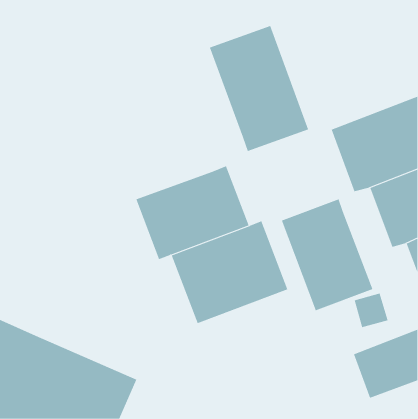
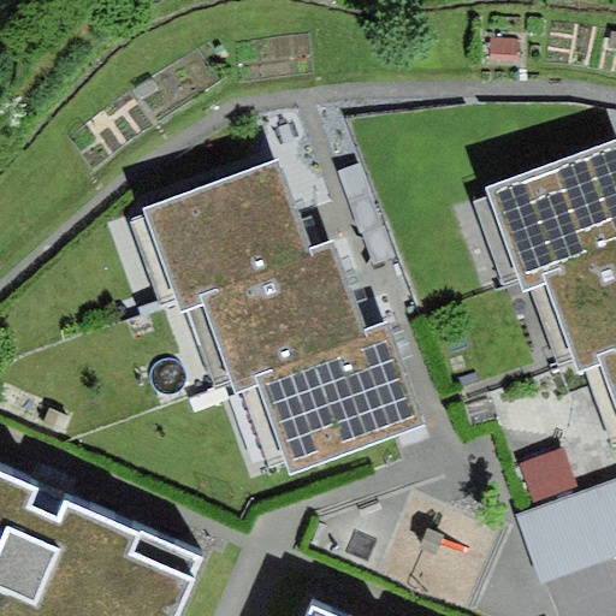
building: [209,25,309,152] -> none
building: none -> [142,159,310,301]
building: [281,199,373,311] -> none

